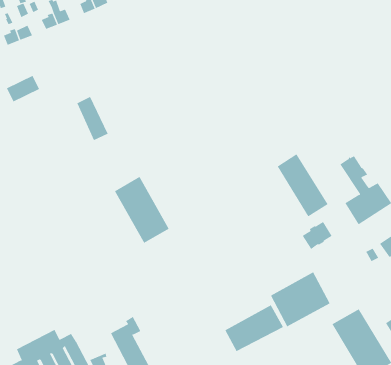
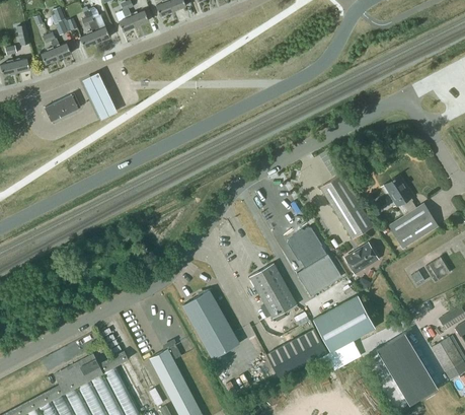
building: [77,96,108,141] -> [82,76,114,122]
building: [114,176,170,244] -> [182,290,239,359]
building: none -> [287,227,341,296]
building: none -> [249,264,296,319]

